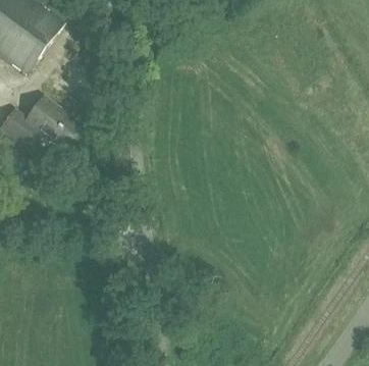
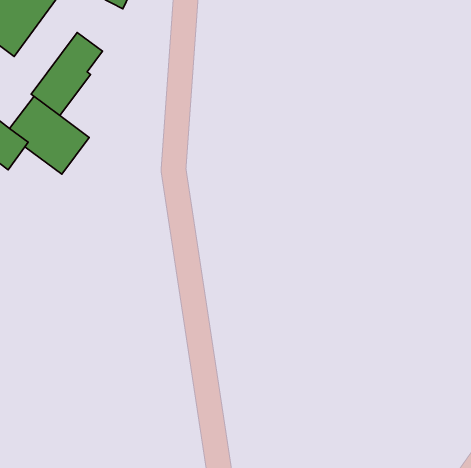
building: none -> [31,33,103,116]

